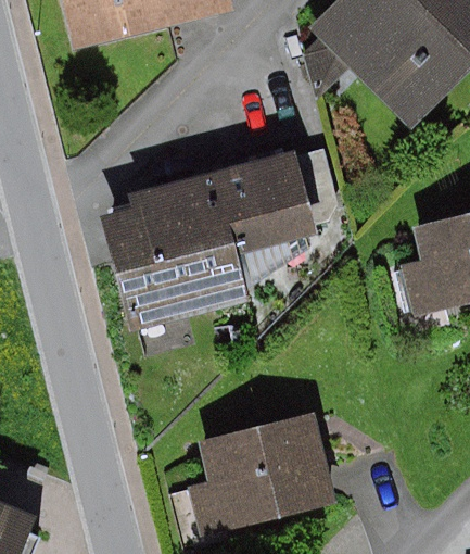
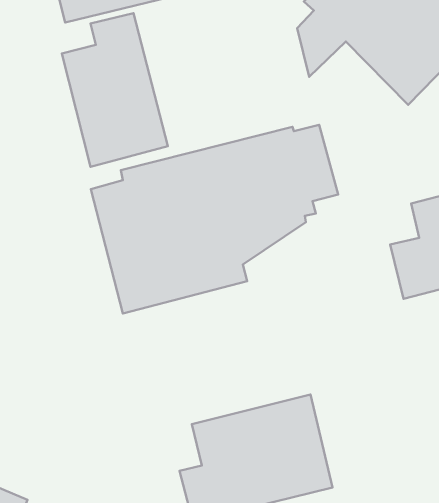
building: none -> [62,13,168,167]

